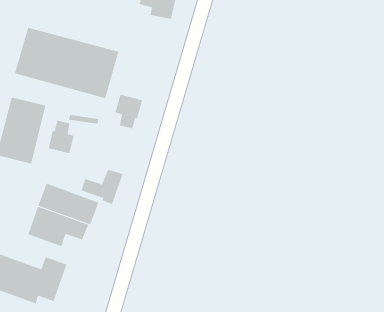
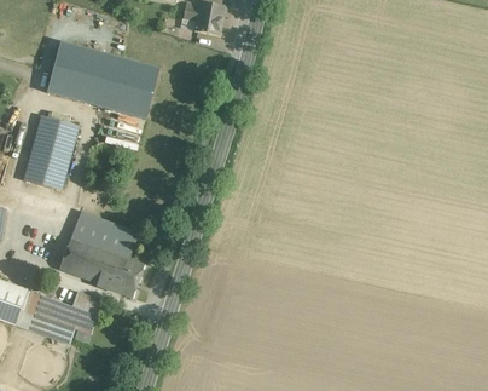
building: [115,94,143,129] -> none
building: [48,120,74,154] -> none
building: [80,168,123,205] -> [95,258,143,298]

